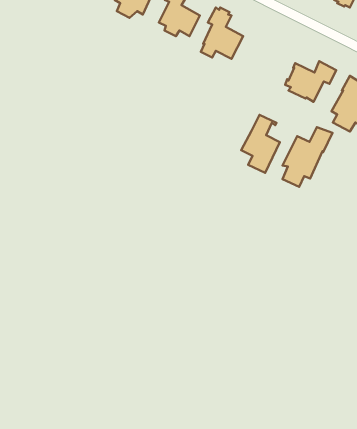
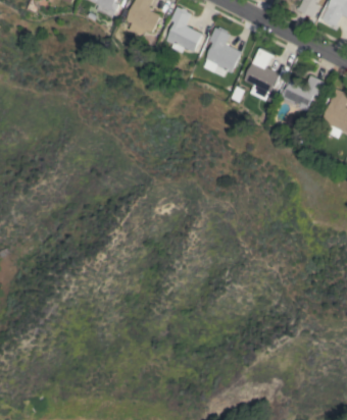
building: [241,115,280,173] -> [242,49,277,101]
building: [283,127,332,187] -> none

